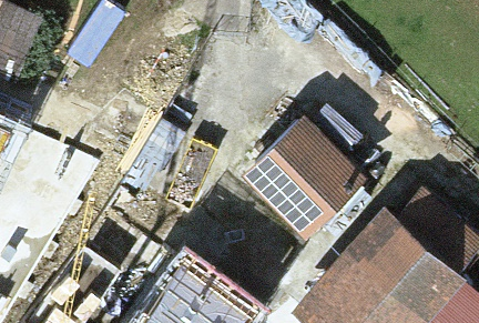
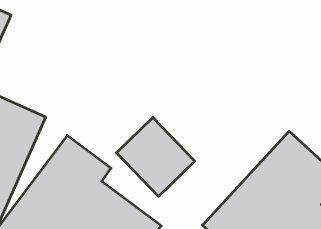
building: [249,131,355,238] -> [116,117,195,196]

